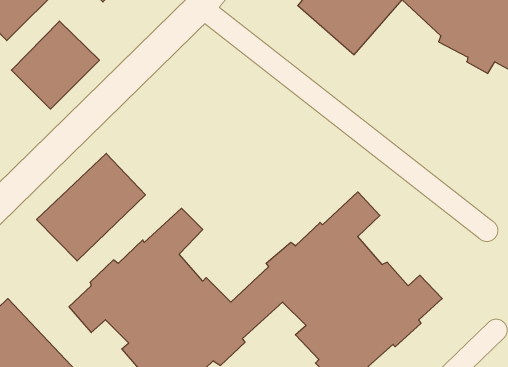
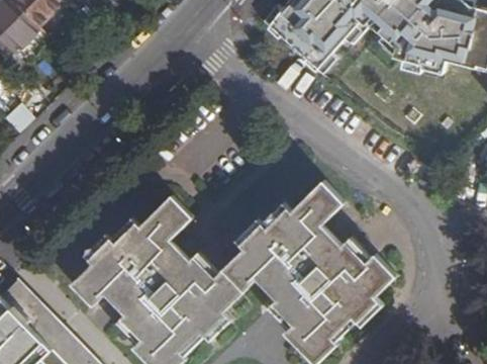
building: [11,21,99,109] -> none
building: [37,153,145,261] -> none

